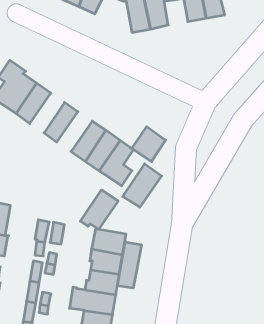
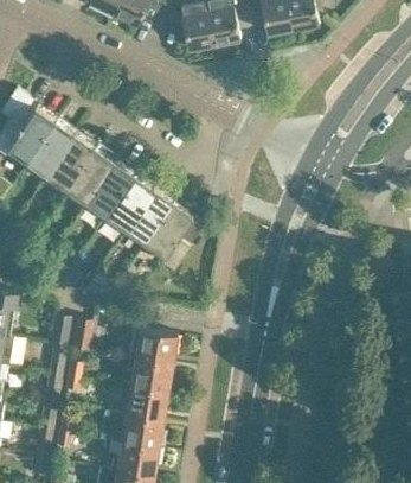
building: none -> [45,135,94,191]
building: none -> [83,161,133,217]
building: [132,127,166,162] -> none
building: [123,164,162,207] -> none
building: [80,190,118,229] -> none
building: [117,242,141,288] -> none

